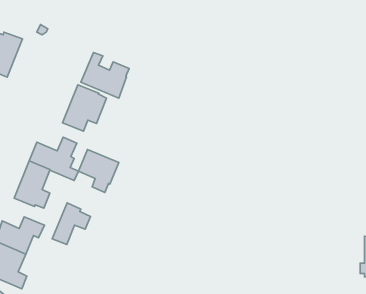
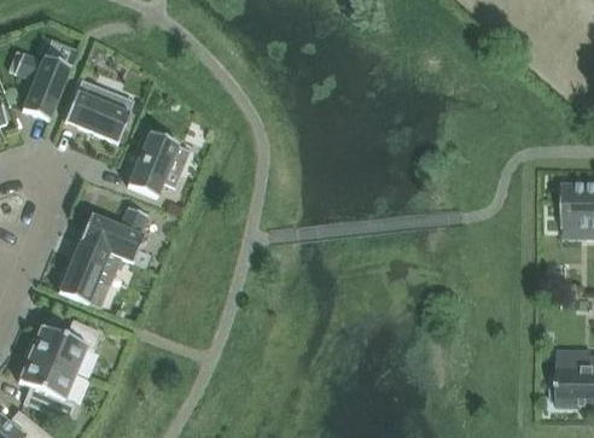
building: [81,52,129,98] -> [65,77,134,142]
building: [79,149,119,192] -> none
building: [52,203,91,245] -> none

